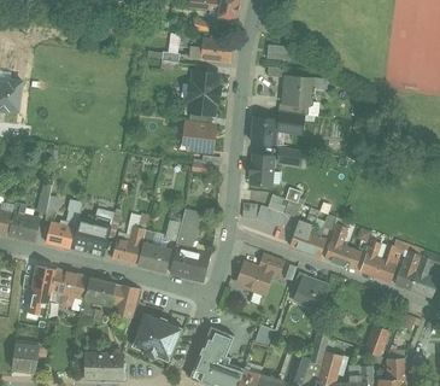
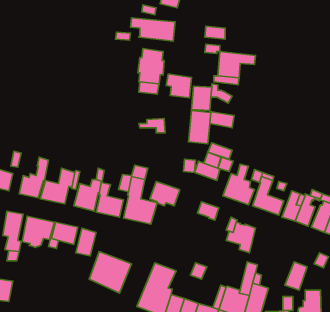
building: [184,123,215,151] -> [166,74,192,98]
building: [237,262,272,291] -> [150,182,179,206]
building: [86,353,124,378] -> none

